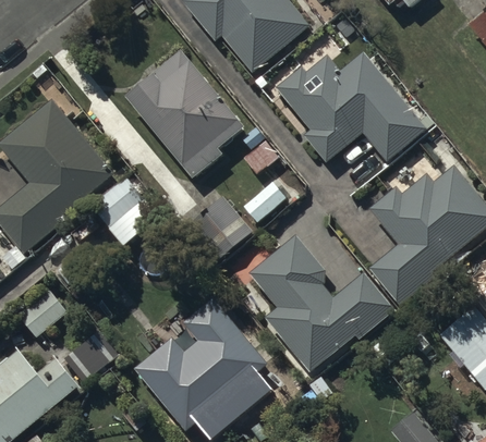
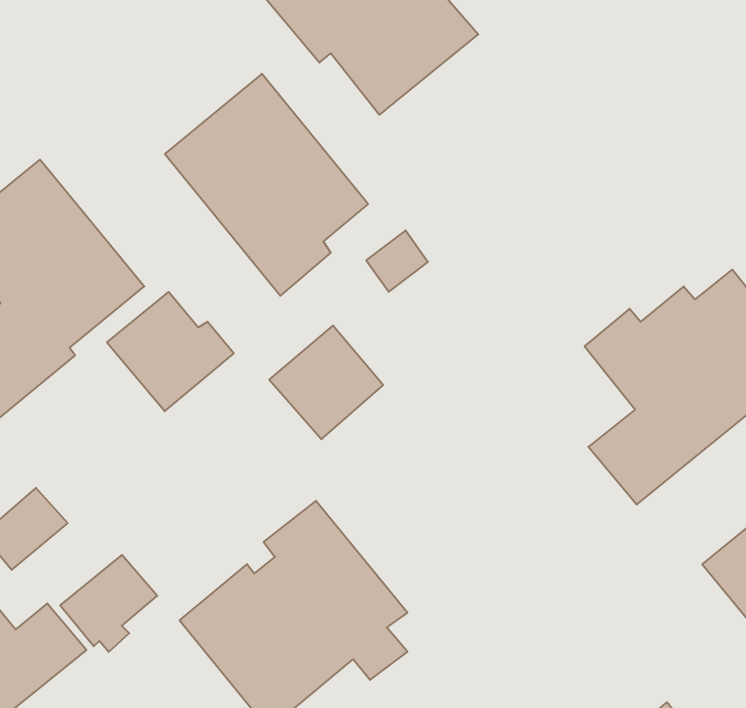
building: [276,50,432,162] -> none
building: [248,235,396,373] -> none

